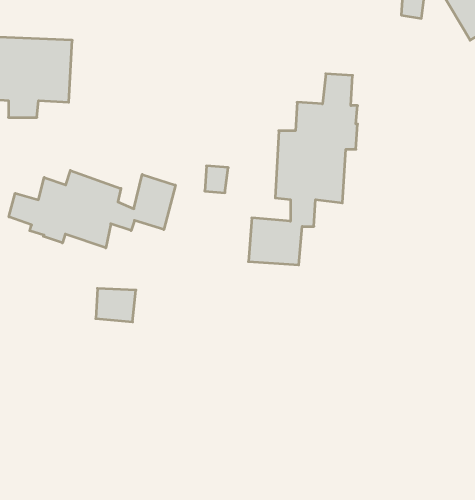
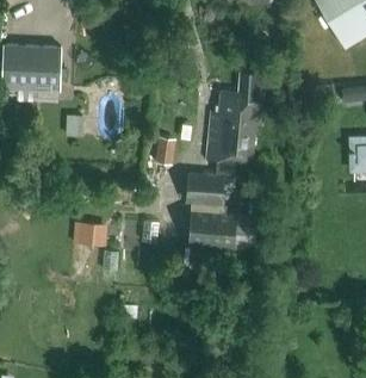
building: [9,170,175,248] -> none
building: none -> [188,211,258,253]

